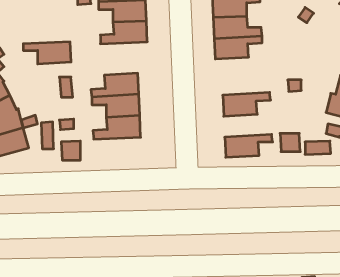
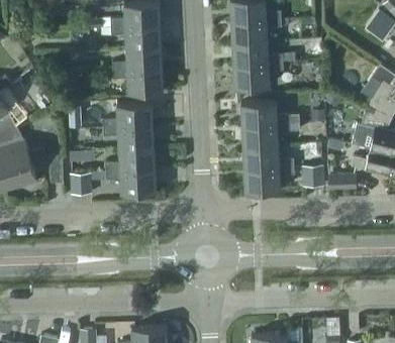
building: [23,42,71,64] -> [112,70,163,93]
building: none -> [240,101,291,126]
building: none -> [242,146,293,170]
building: none -> [105,170,156,194]

